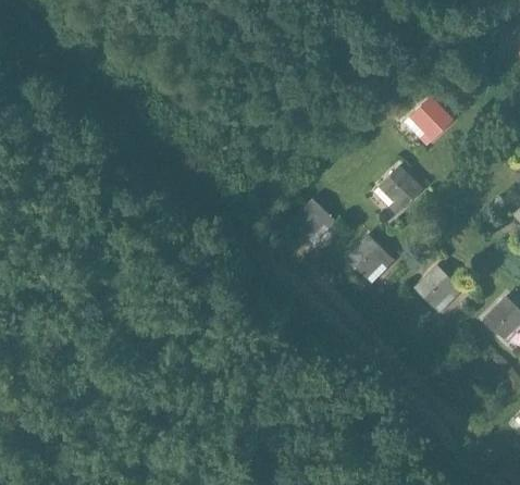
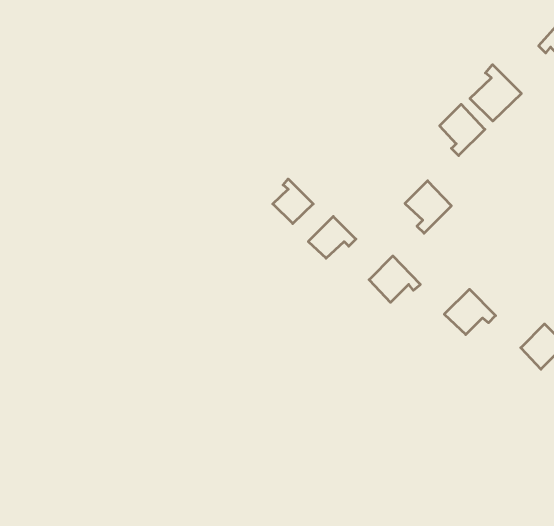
building: none -> [470,65,521,121]
building: none -> [273,179,313,224]

